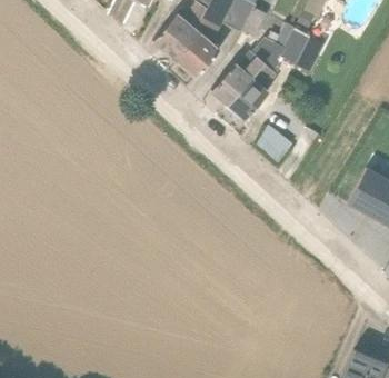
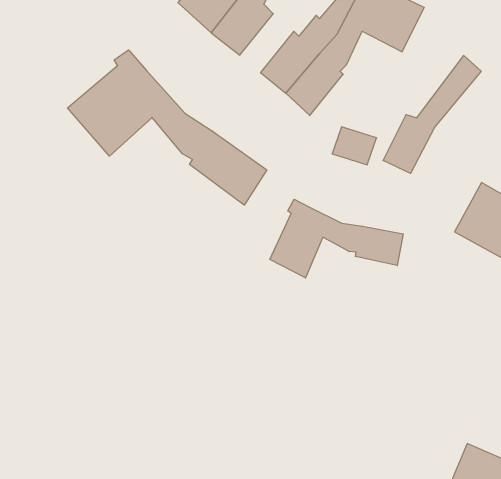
building: none -> [68,50,267,205]
building: none -> [383,56,481,173]
building: none -> [270,199,403,278]

